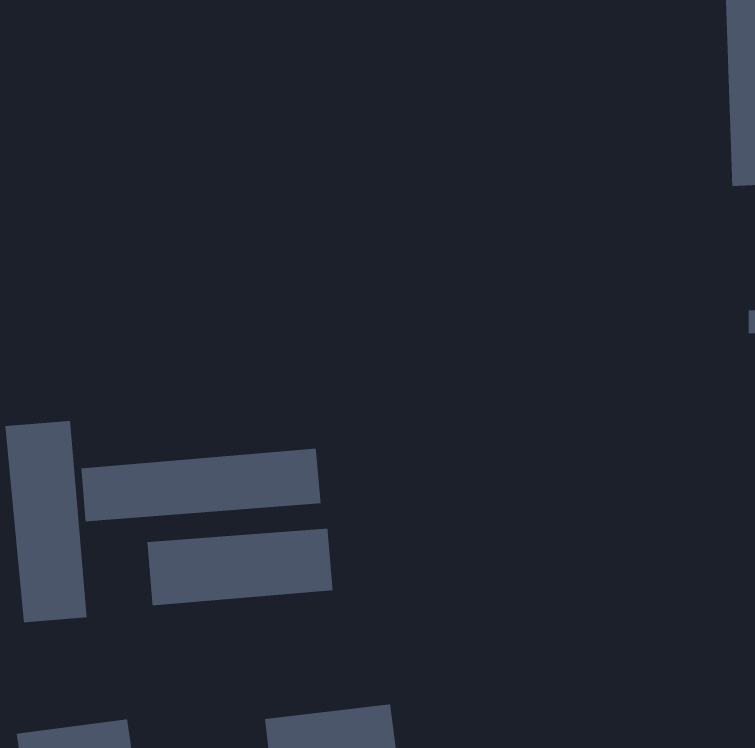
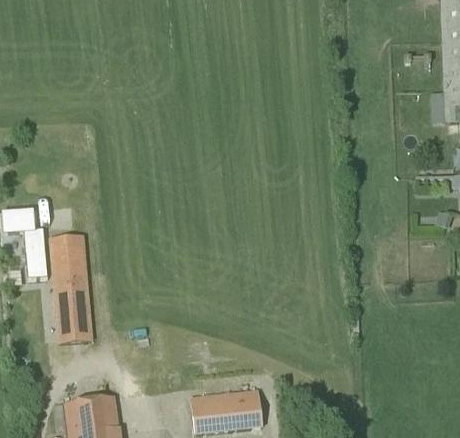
building: [81,448,321,522] -> none
building: [147,528,333,606] -> none

